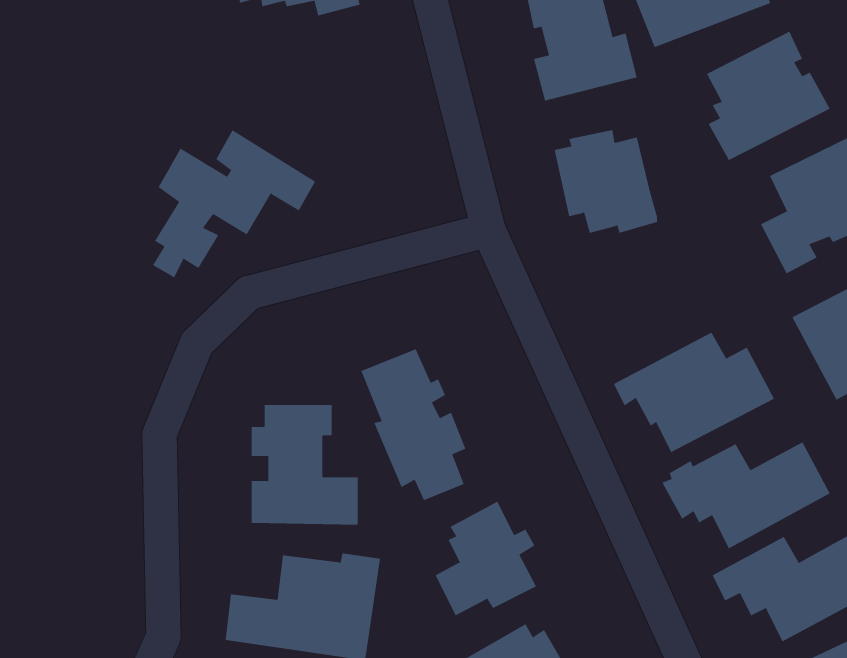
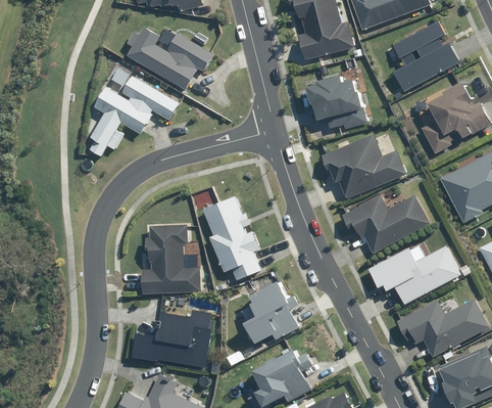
building: none -> [126,27,214,91]
building: none -> [323,135,406,197]

